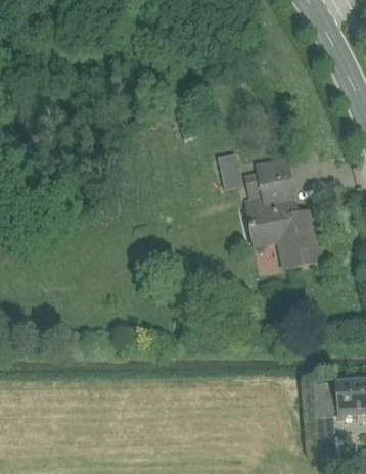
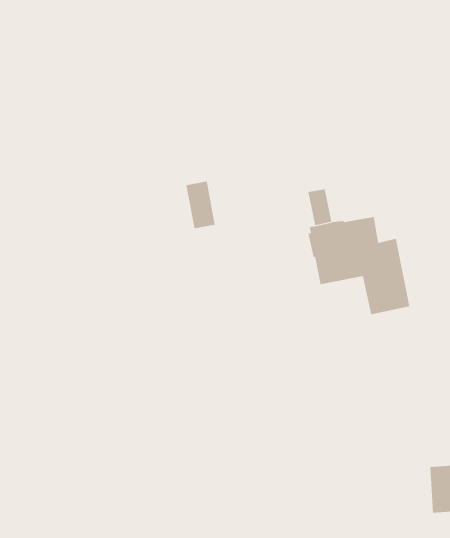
building: [218,153,240,189] -> [186,181,216,229]
building: [258,167,294,197] -> none

